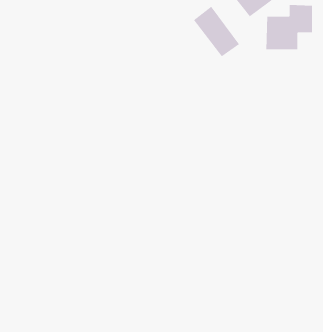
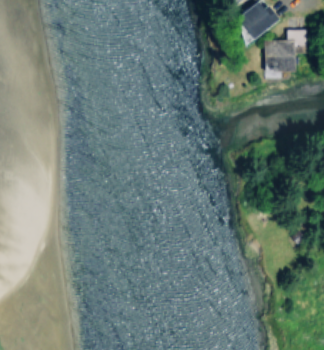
building: [193,6,240,57] -> none

